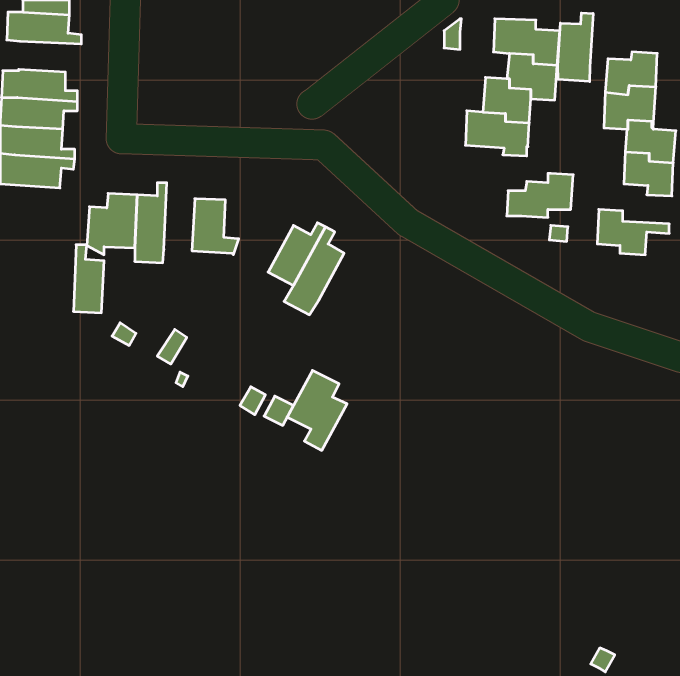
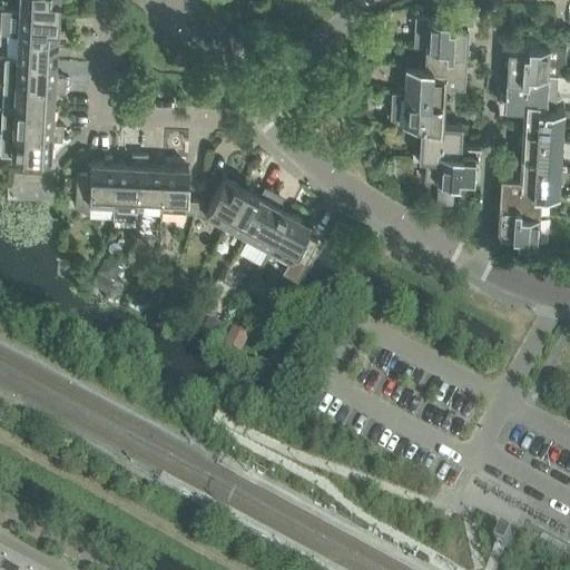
building: [558,13,593,82] -> none
building: none -> [17,39,69,65]
building: none -> [412,127,462,164]
building: none -> [520,158,562,191]
building: none -> [196,180,246,232]
building: none -> [498,208,540,246]
building: [73,245,104,313] -> [138,157,164,214]
building: [287,370,347,450] -> [267,216,317,283]

